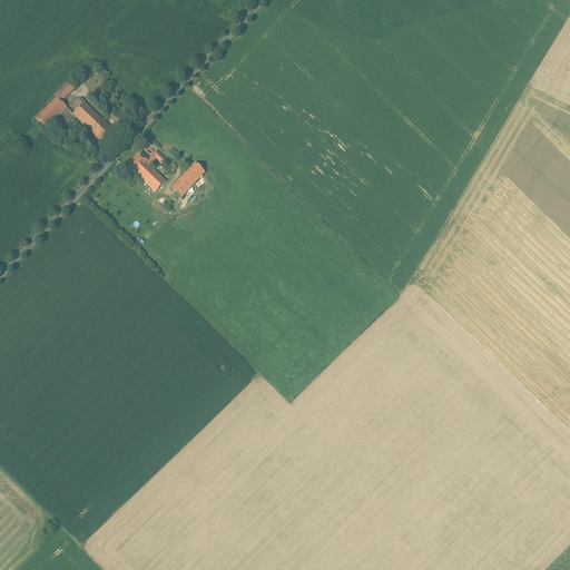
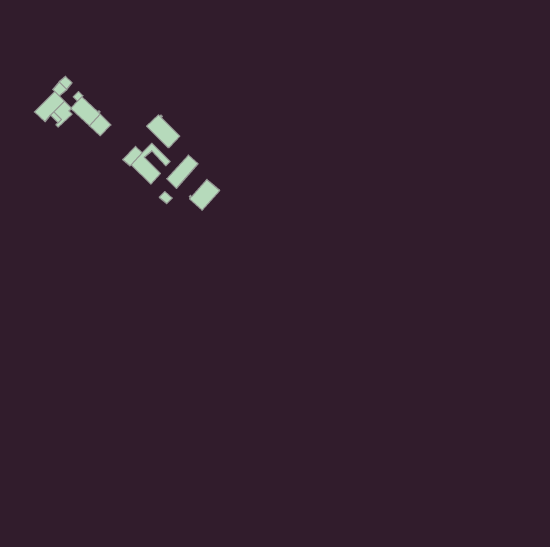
building: none -> [147,115,180,148]
building: none -> [189,179,219,210]

